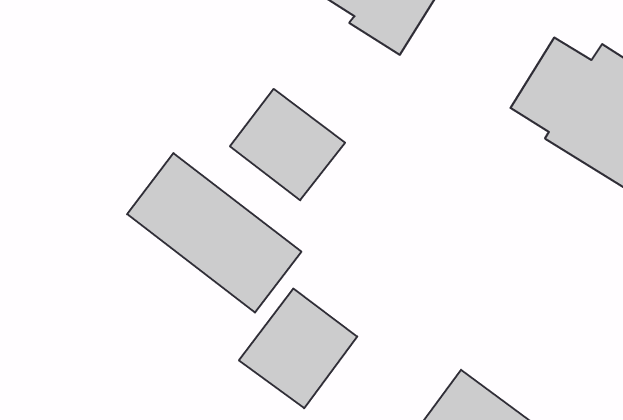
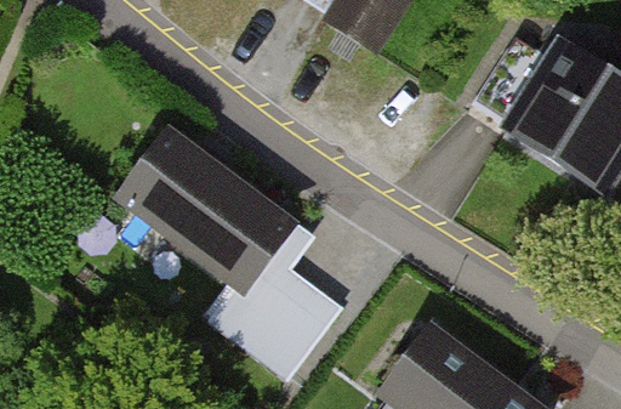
building: [230,89,345,200] -> none

